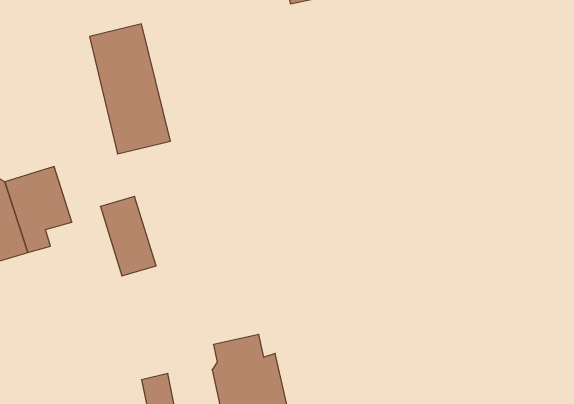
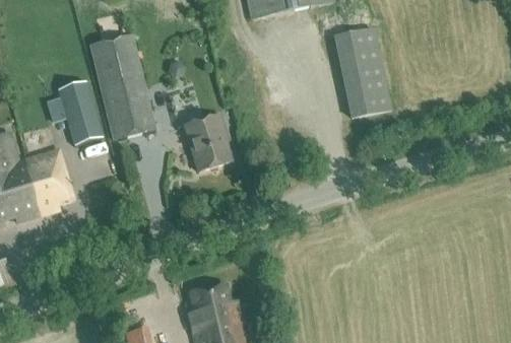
building: none -> [333,29,390,118]
building: none -> [185,114,232,169]
building: [100,196,156,276] -> [57,81,102,145]

